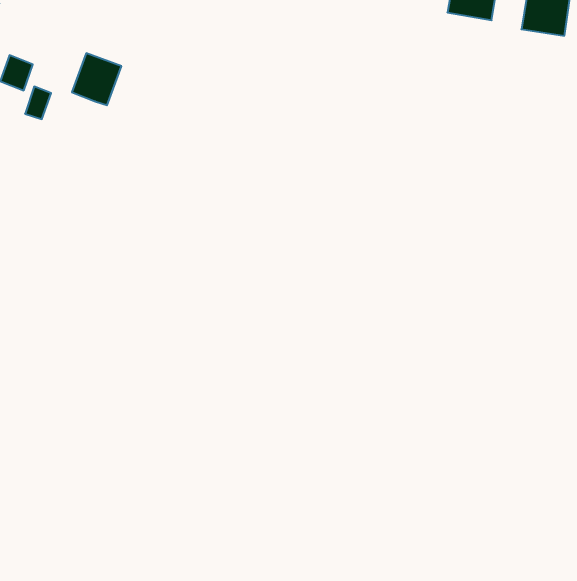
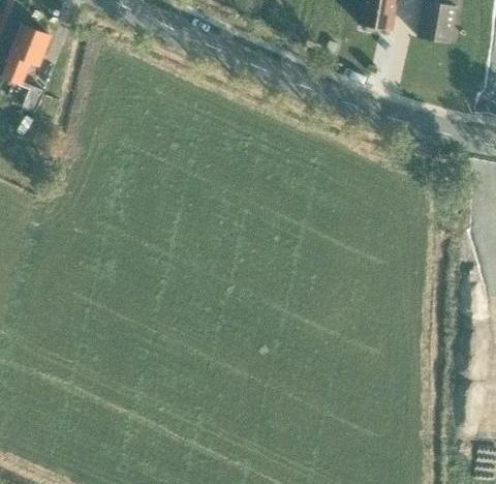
building: [72,53,121,105] -> [11,26,51,67]

